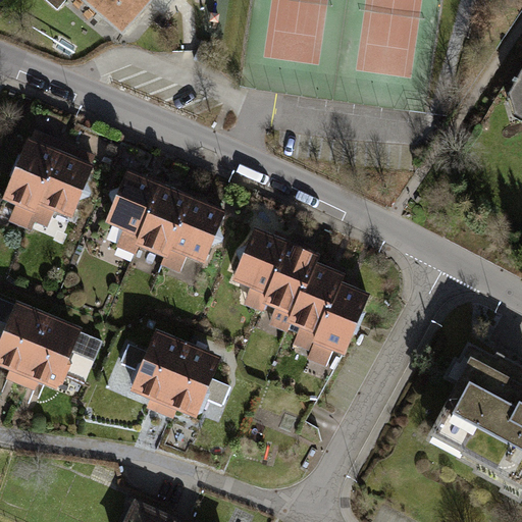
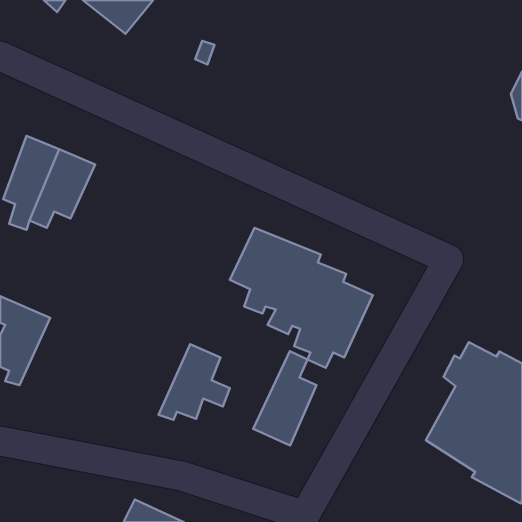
building: [103,168,227,274] -> none
building: [19,317,103,390] -> none
building: [121,329,190,414] -> none
building: none -> [253,351,316,446]

